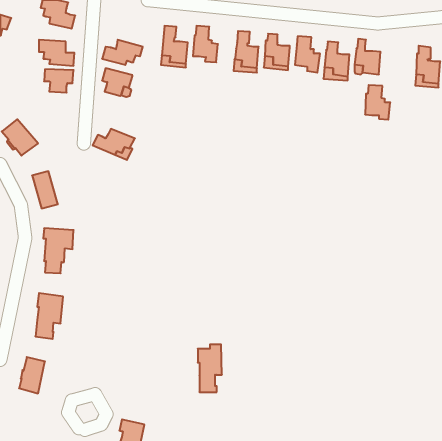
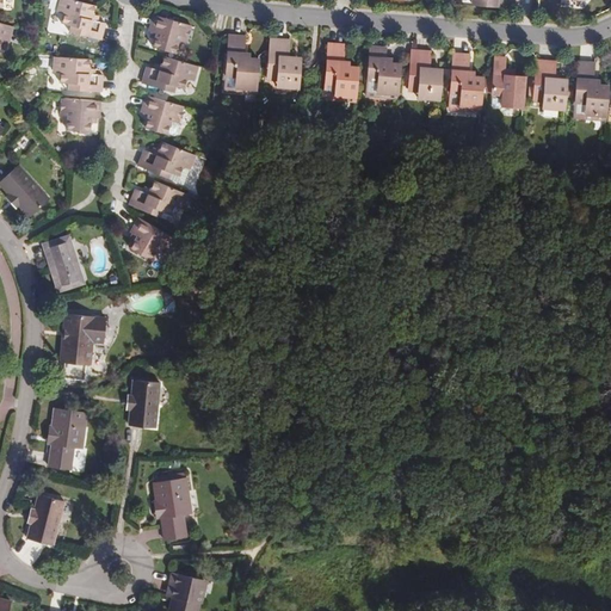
building: none -> [148,16,190,53]
building: [365,85,390,120] -> [531,60,566,107]
building: none -> [136,141,196,178]
building: none -> [129,215,171,258]
building: none -> [128,385,159,432]
building: [198,344,222,392] -> [162,471,196,537]

